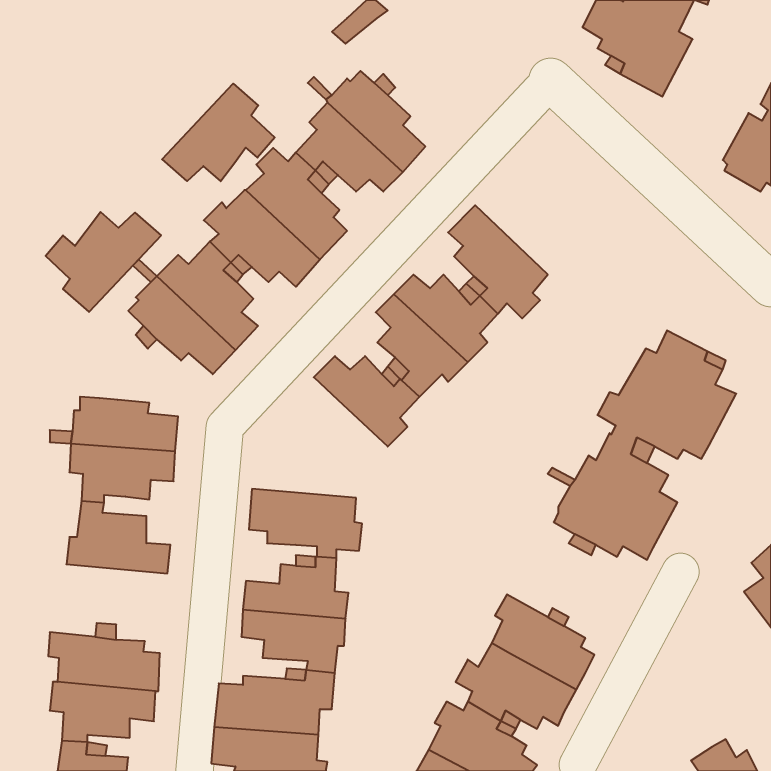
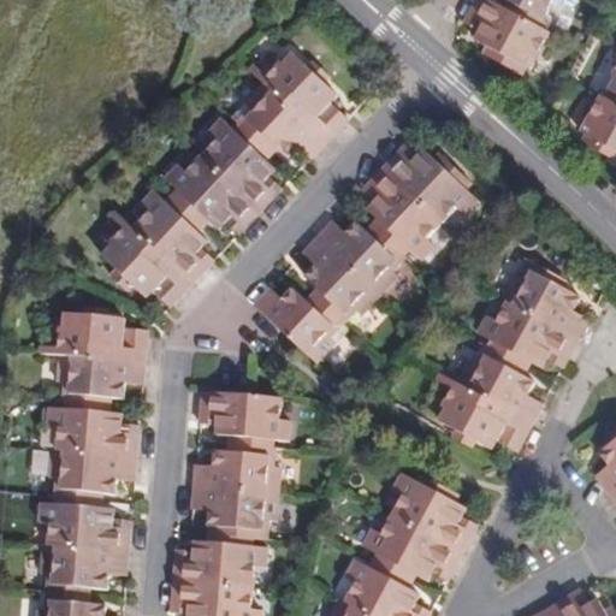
building: [162,84,275,181] -> none
building: none -> [379,141,472,219]
building: [46,212,161,312] -> none
building: none -> [52,450,134,492]

